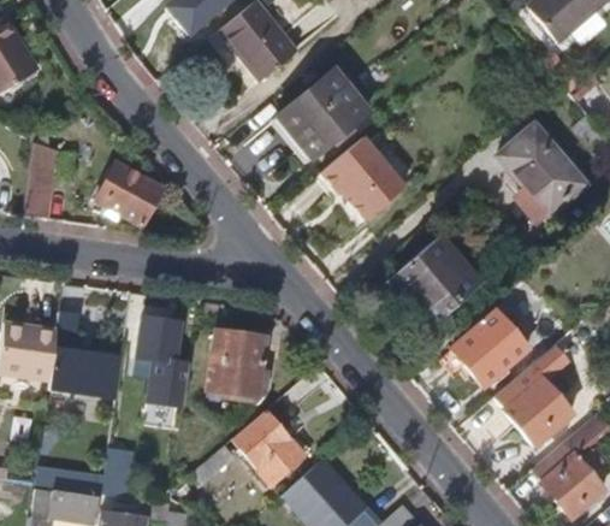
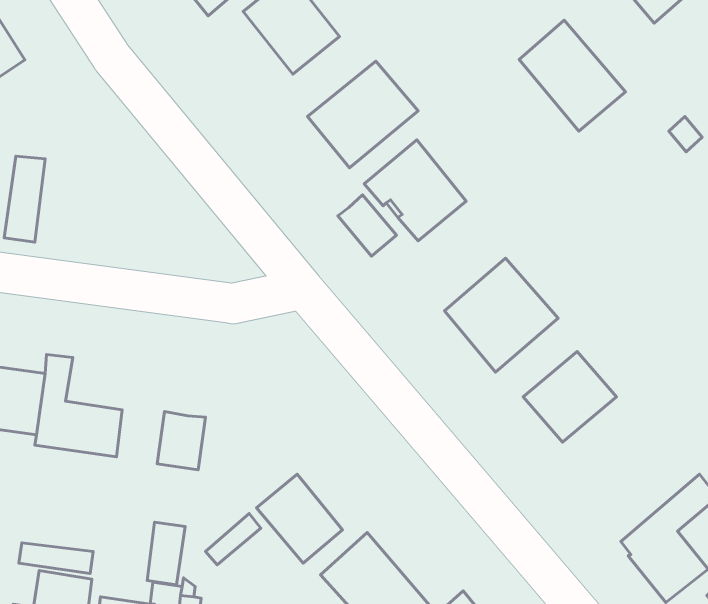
building: [496,124,584,215] -> [519,20,626,131]
building: [102,167,162,226] -> none
building: none -> [338,195,396,256]
building: [137,319,179,364] -> none
building: [207,331,265,398] -> none
building: [493,343,571,444] -> none
building: [102,447,134,498] -> [147,522,185,585]

